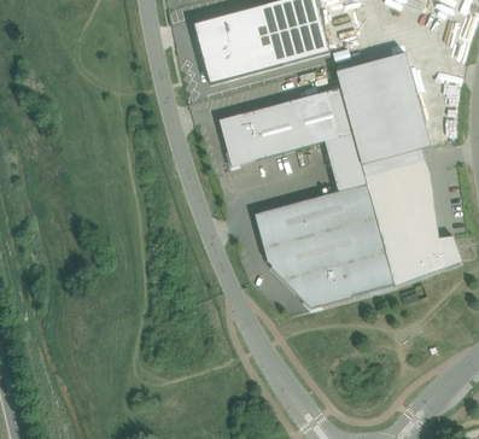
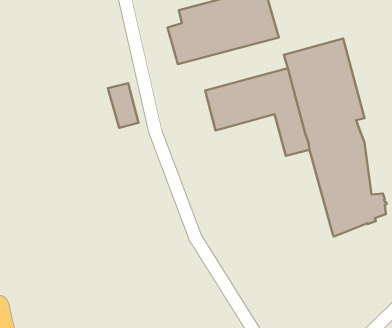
building: [220,113,256,166] -> [108,83,138,128]
building: [256,183,395,309] -> none

